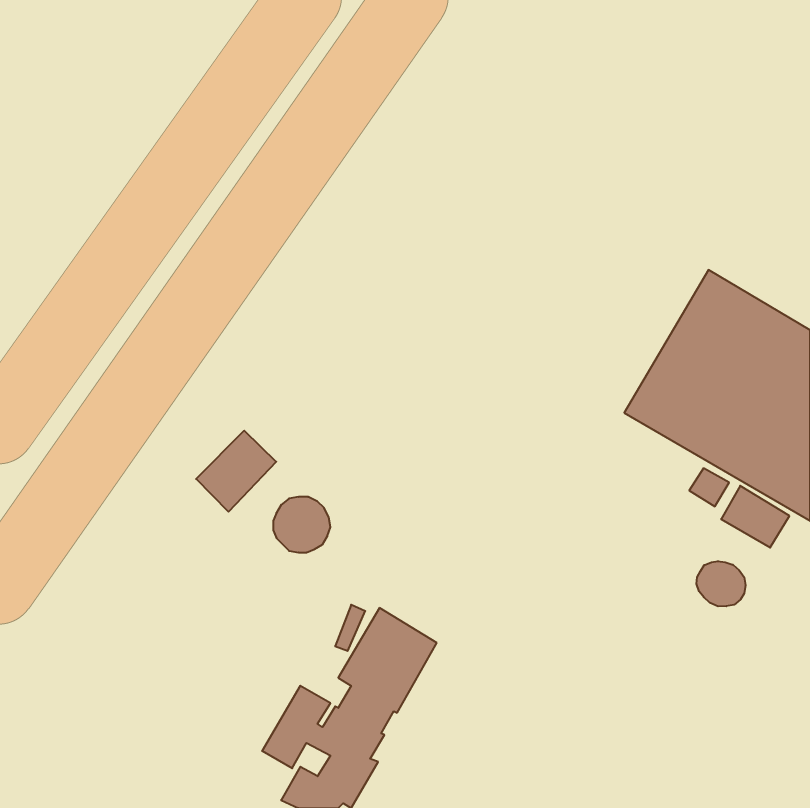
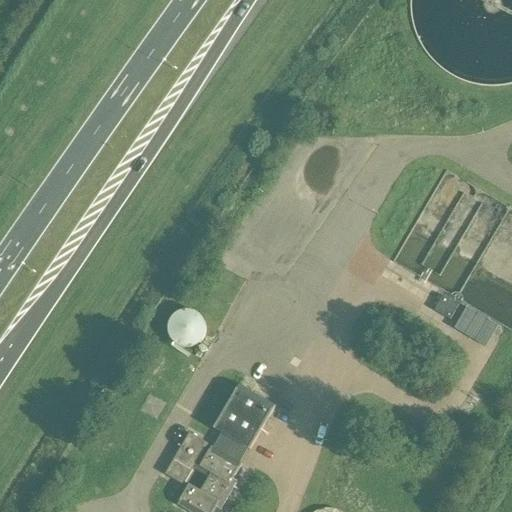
building: [196,431,276,512] -> none
building: [697,561,745,606] -> none

